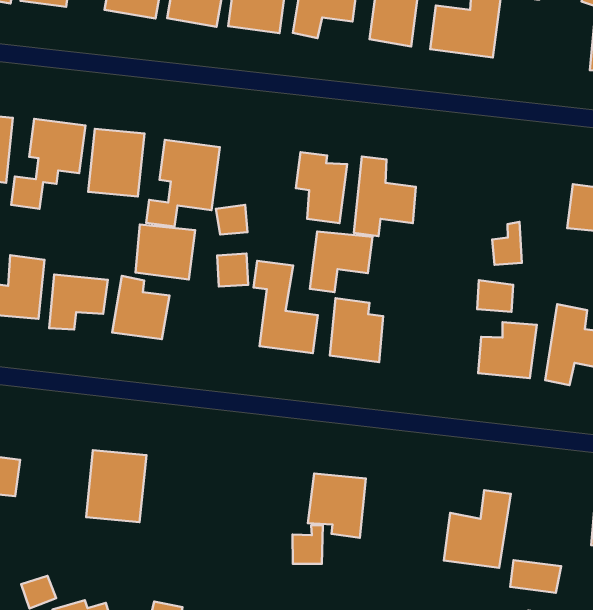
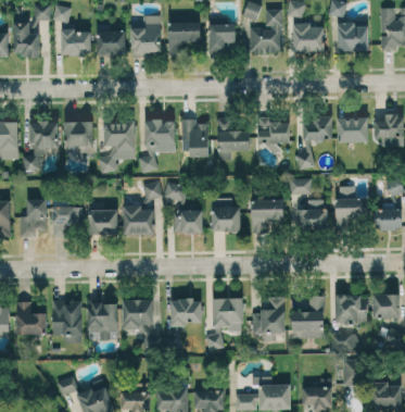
building: none -> [293,25,325,52]
building: none -> [144,120,175,145]
building: none -> [257,120,289,151]
building: none -> [302,116,332,140]
building: [136,225,195,280] -> [123,207,154,235]
building: [310,232,373,292] -> [252,199,283,233]
building: none -> [52,301,83,344]
building: none -> [123,299,160,349]
building: none -> [170,299,202,325]
building: none -> [252,296,286,340]
building: none -> [334,295,367,325]

